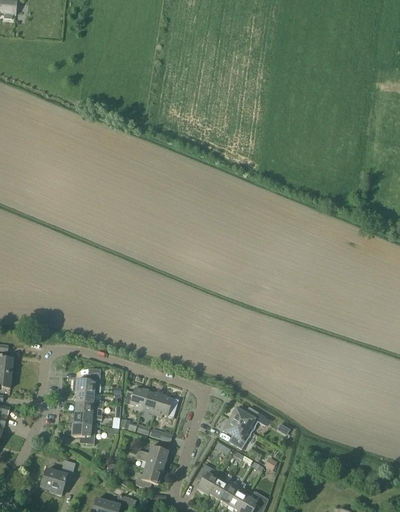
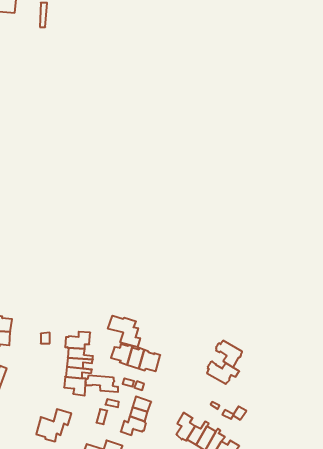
building: none -> [108,316,140,347]
building: [223,419,252,449] -> [216,341,242,368]
building: none -> [86,375,118,392]

